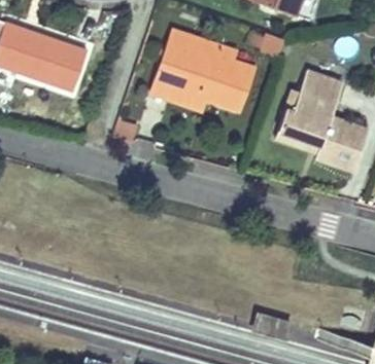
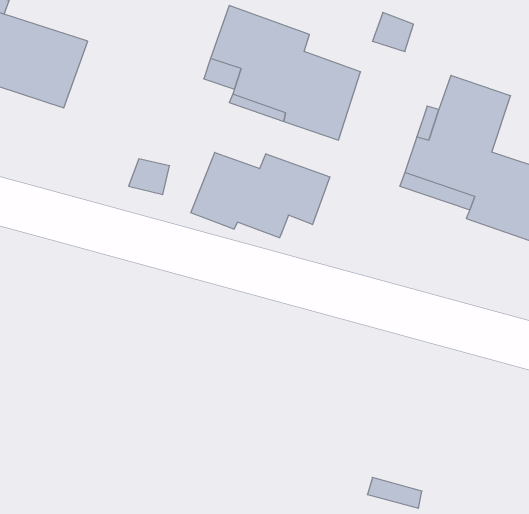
building: none -> [191,152,330,238]

